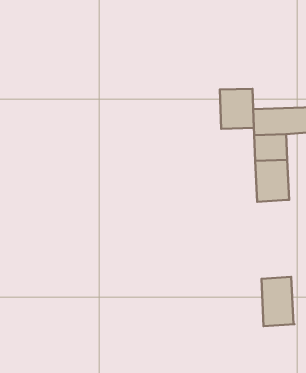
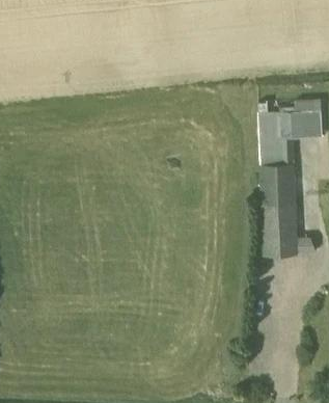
building: [220,89,254,129] -> none
building: [261,277,294,326] -> [264,205,297,254]

